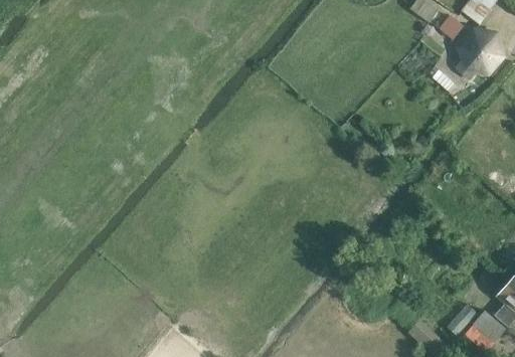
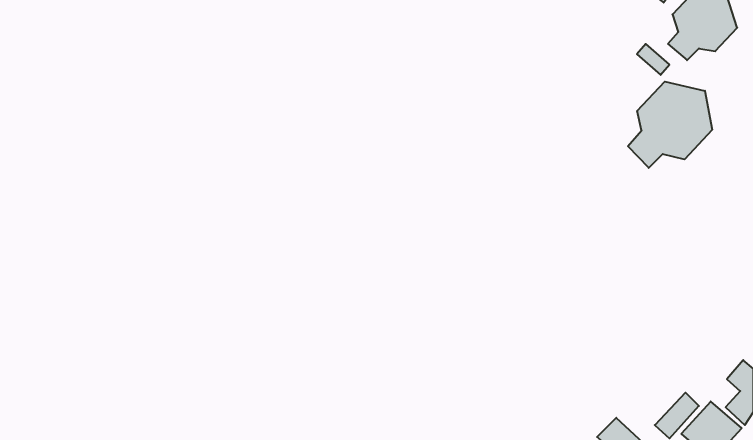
building: none -> [628,82,712,168]

